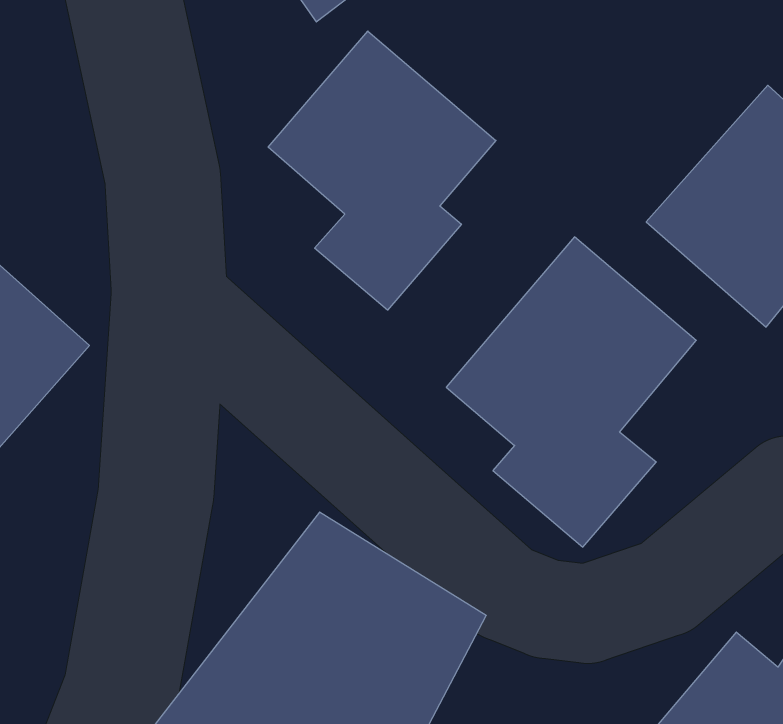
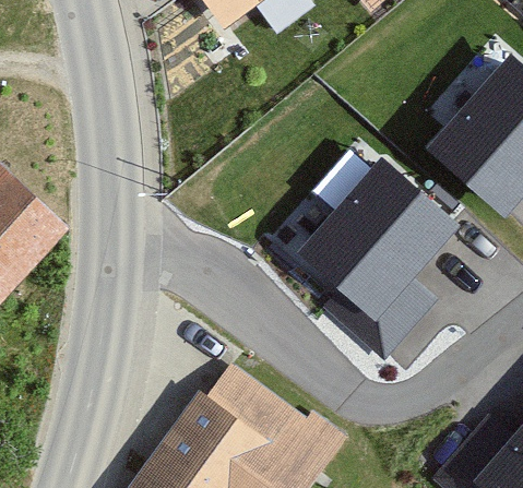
building: [268,31,496,310] -> none

